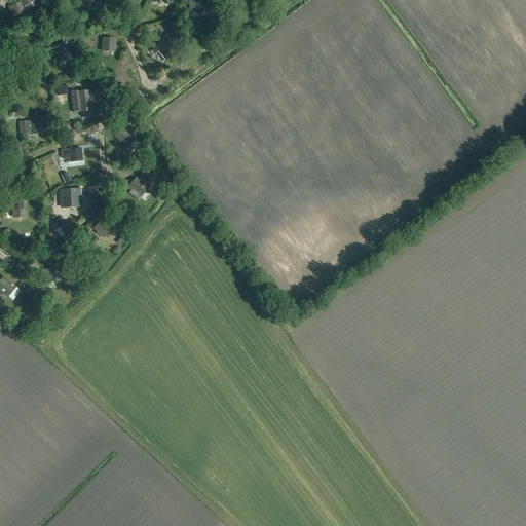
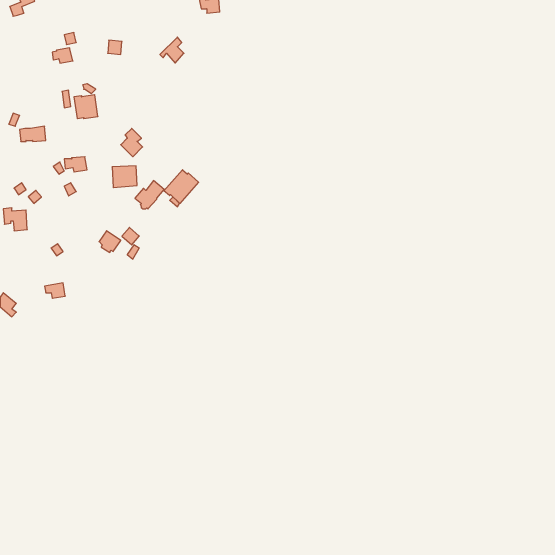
building: none -> [164,170,199,203]
building: [60,188,83,209] -> [112,166,137,188]

